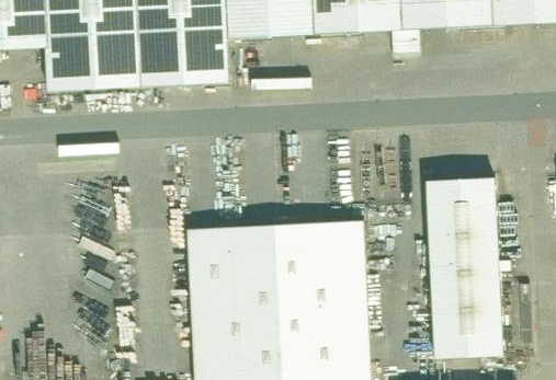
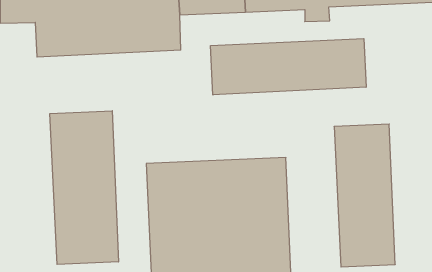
building: none -> [211,39,366,95]
building: none -> [50,111,118,264]

